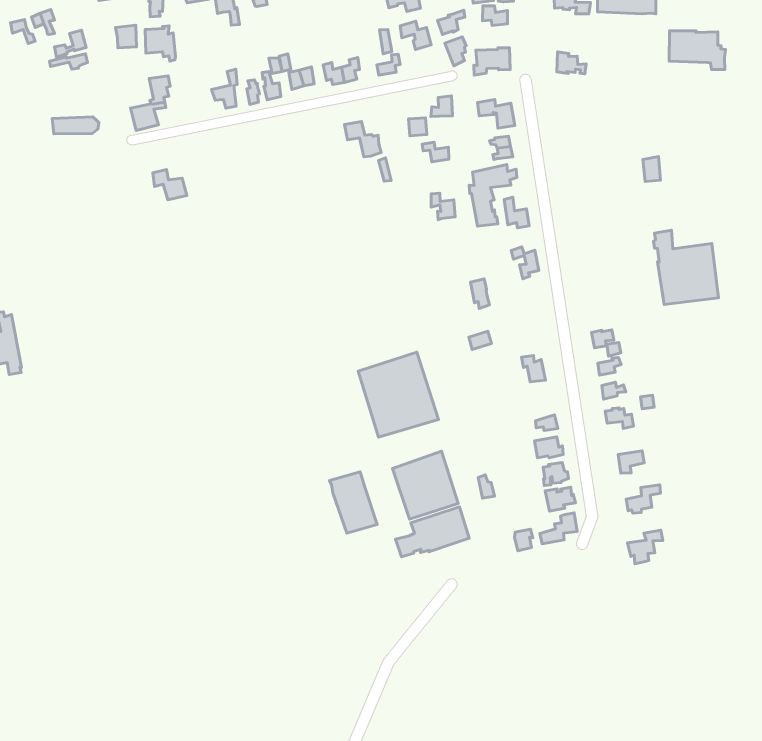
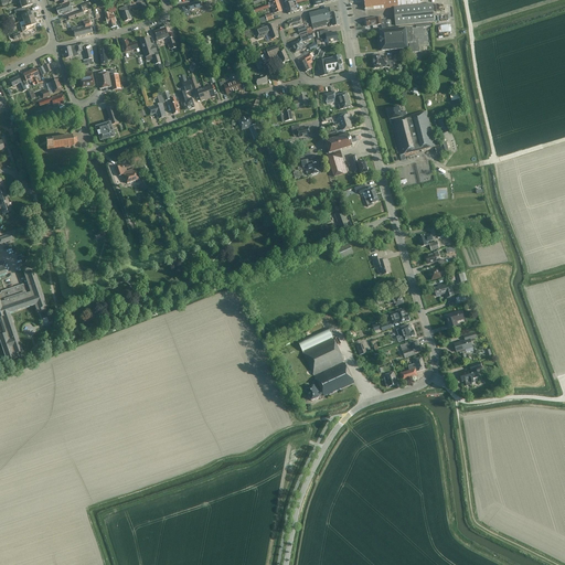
building: [669,31,726,70] -> [379,26,418,52]
building: [654,230,718,305] -> [387,105,435,154]
building: [358,352,439,437] -> none
building: [330,472,377,533] -> none

